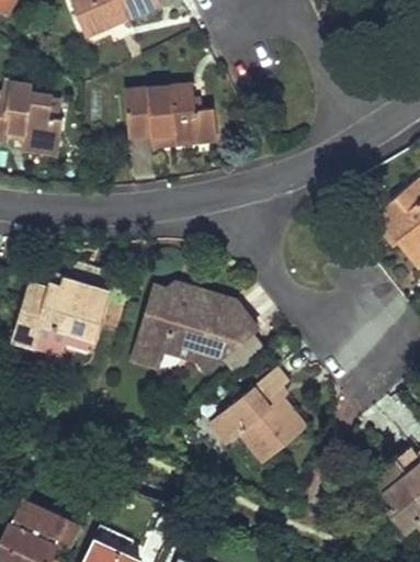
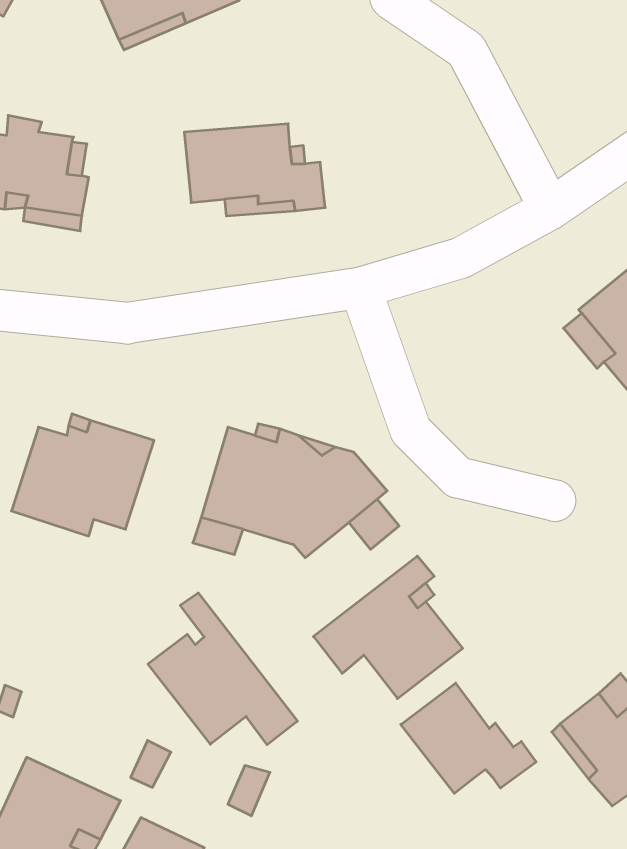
building: none -> [148,593,297,745]
building: none -> [401,683,536,793]

